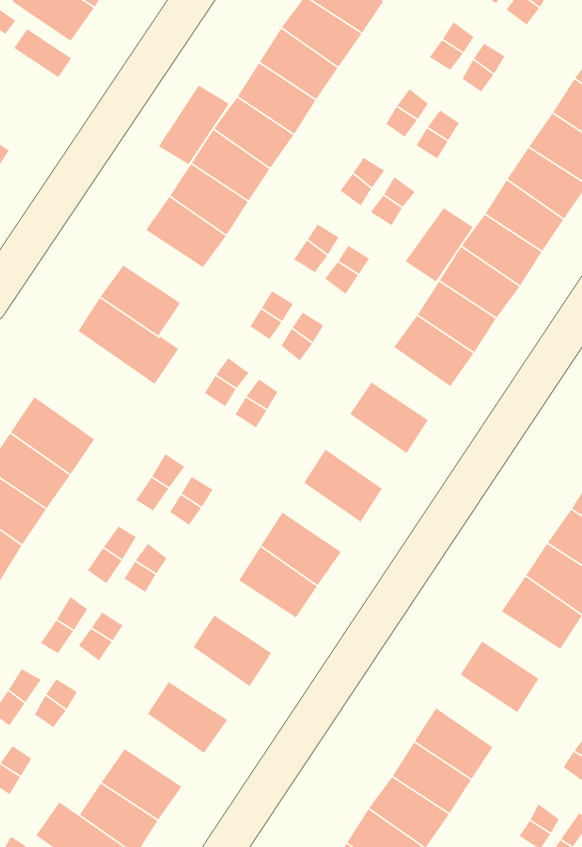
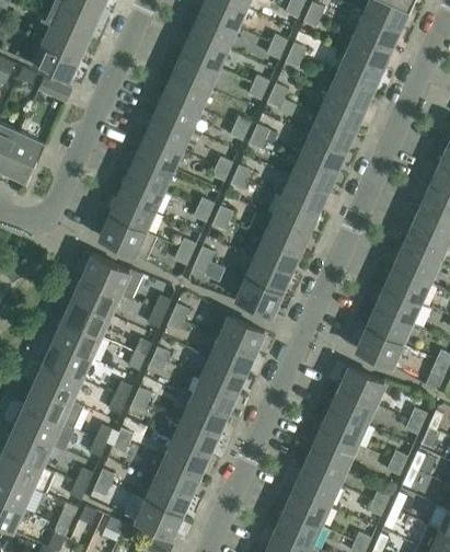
building: [158,85,230,165] -> none
building: [405,207,474,283] -> none
building: none -> [119,175,163,211]
building: none -> [265,216,309,252]
building: none -> [83,254,140,298]
building: none -> [246,256,291,294]
building: none -> [201,357,246,393]
building: none -> [183,398,228,434]
building: none -> [331,388,376,424]
building: none -> [165,438,209,474]

